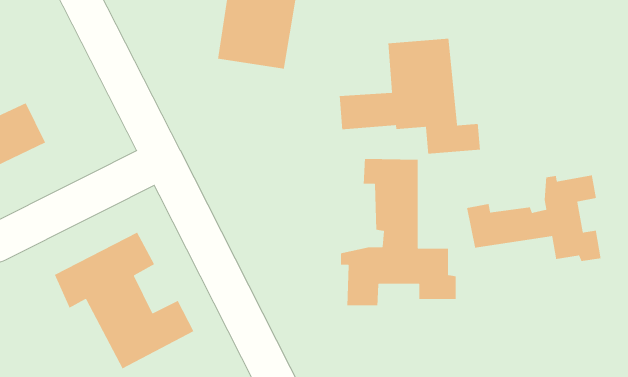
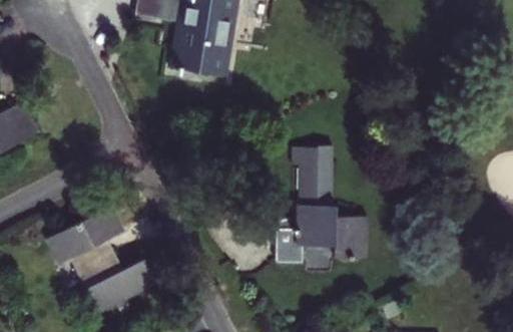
building: [339,38,481,155] -> none
building: [466,175,602,262] -> none

